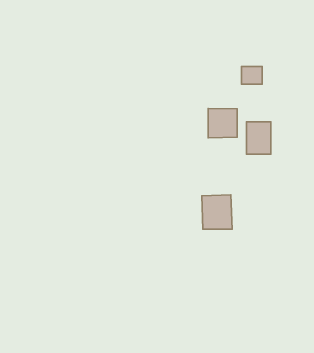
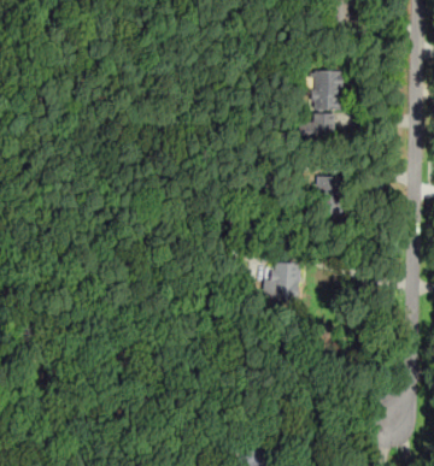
building: none -> [312,71,341,111]
building: [208,109,237,138] -> none

